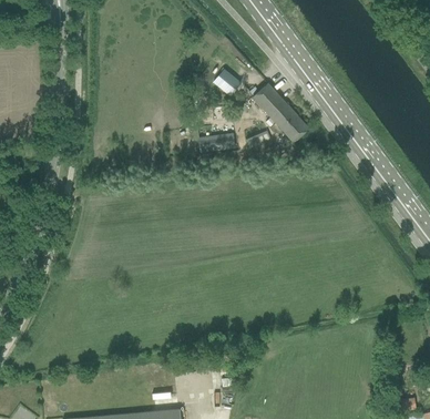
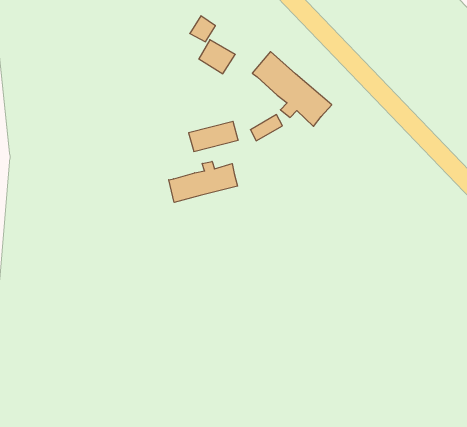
building: none -> [169,161,238,202]

